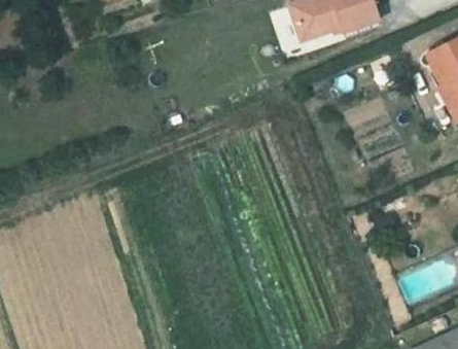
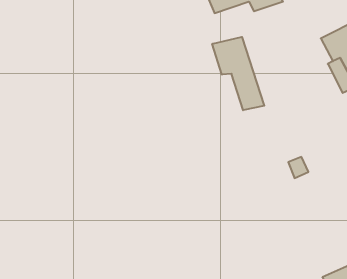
building: none -> [212,37,264,110]

